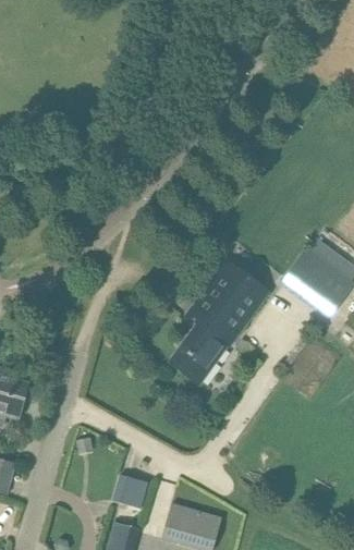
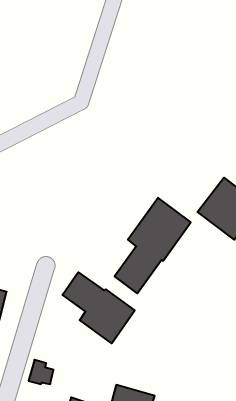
building: none -> [62,272,135,343]
building: [112,475,145,506] -> [29,360,54,384]

